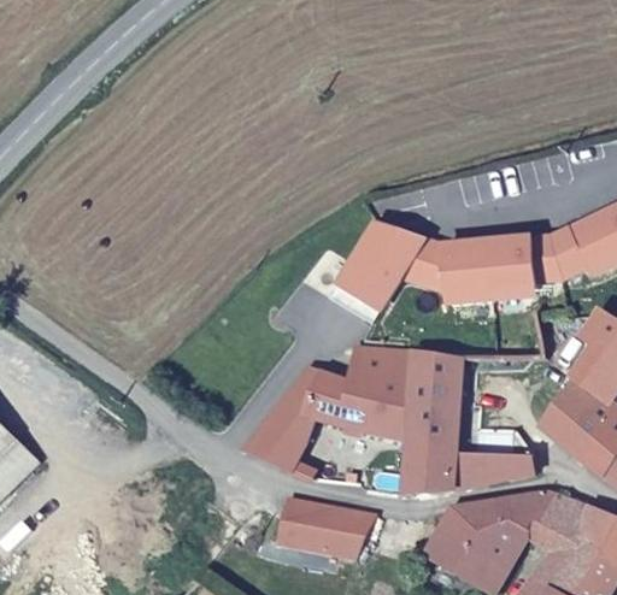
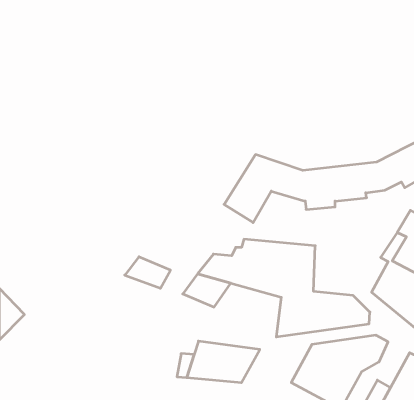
building: [247,429,313,475] -> [125,257,170,288]
building: [528,499,598,565] -> none

